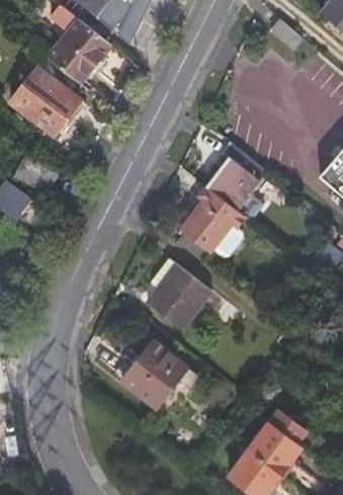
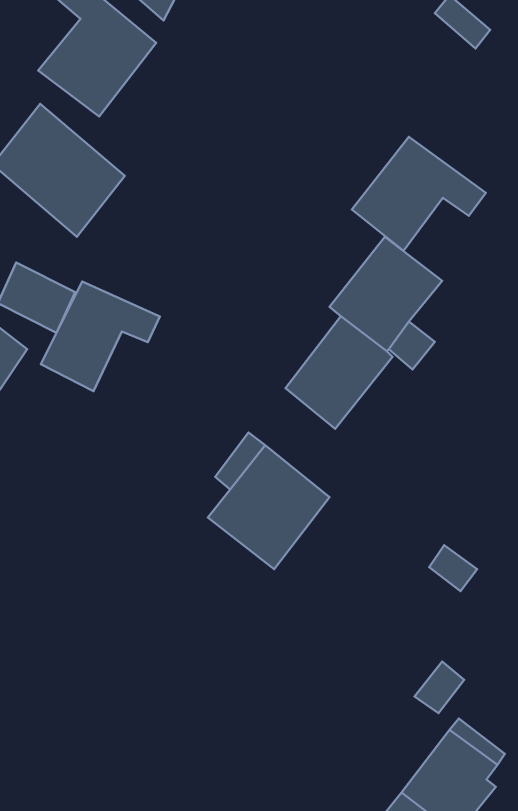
building: none -> [352,137,486,251]
building: none -> [41,281,160,391]
building: [111,338,195,407] -> none

